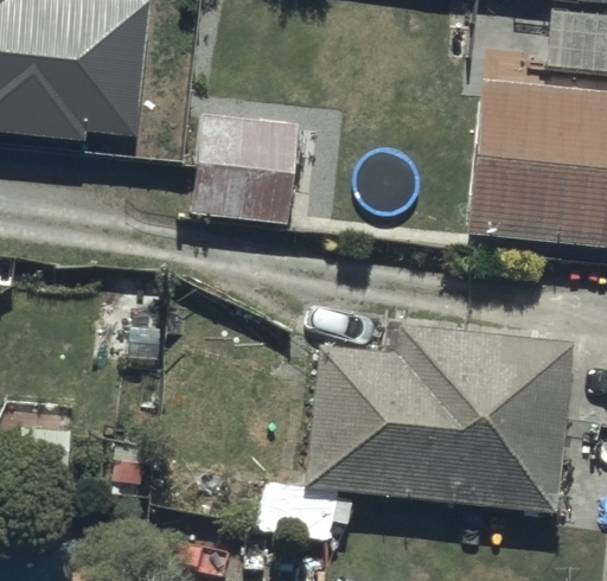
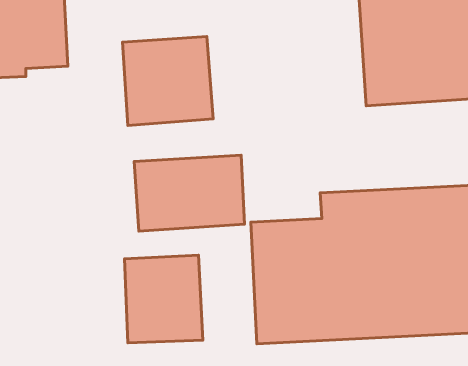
building: none -> [134,155,245,231]
building: none -> [124,255,203,343]

